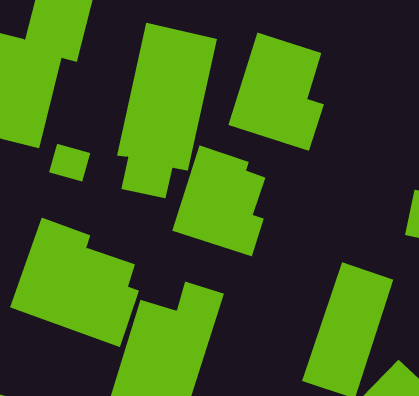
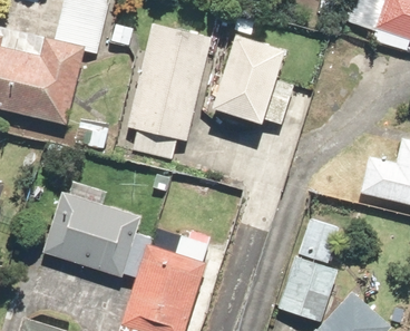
building: [172,144,266,257] -> none

